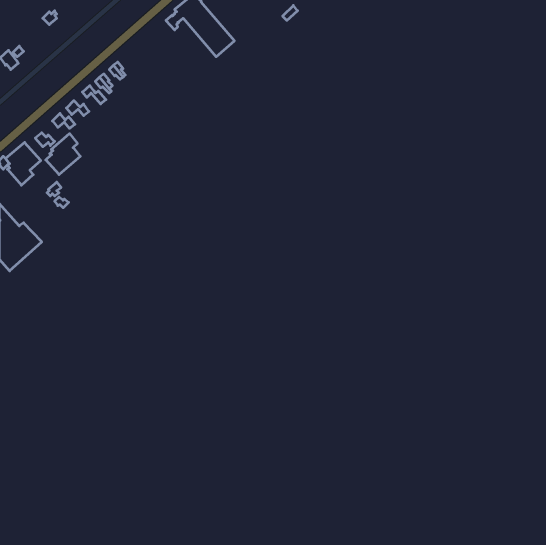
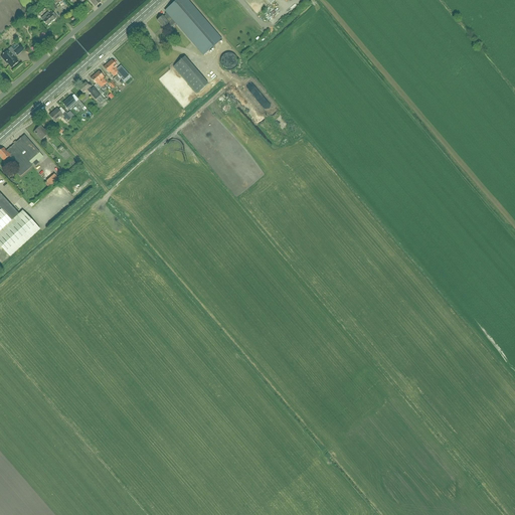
building: none -> [172,55,207,92]
building: [46,134,80,175] -> none

